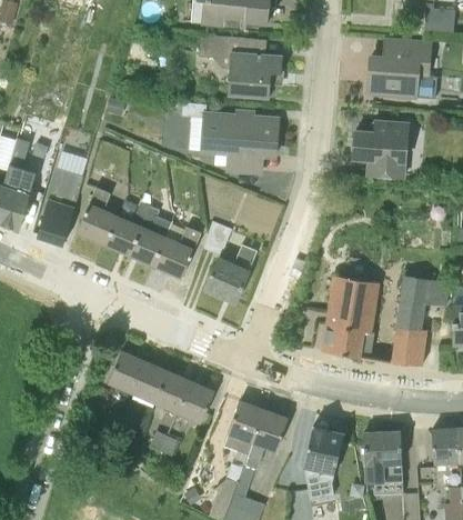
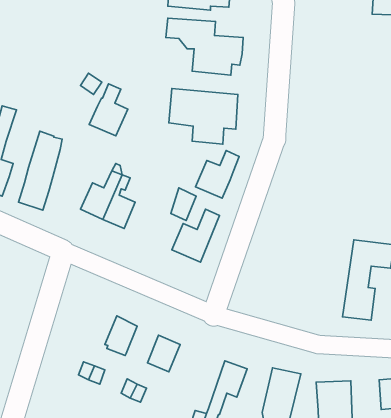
building: [368,39,436,98] -> none
building: [353,121,407,177] -> none
building: [77,187,119,243] -> [89,84,128,136]
building: [153,224,201,277] -> [196,150,239,198]
building: [323,274,379,357] -> none
building: [109,351,145,391] -> none
building: [155,371,191,411] -> none
building: [224,400,263,461] -> none

